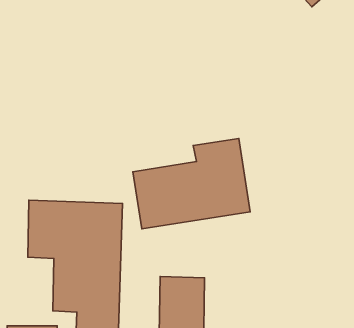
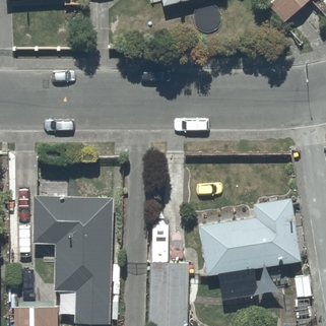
building: [133,139,250,229] -> [198,197,303,277]

